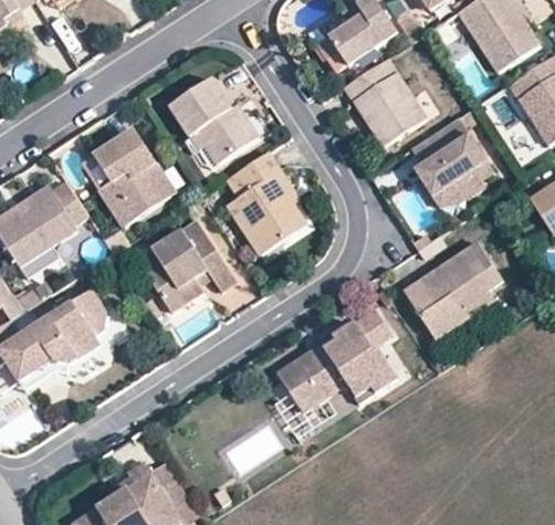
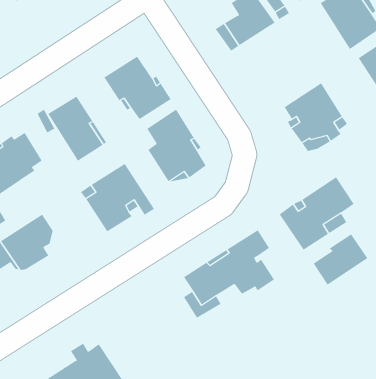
building: [342,57,425,145] -> none
building: none -> [313,233,368,286]

